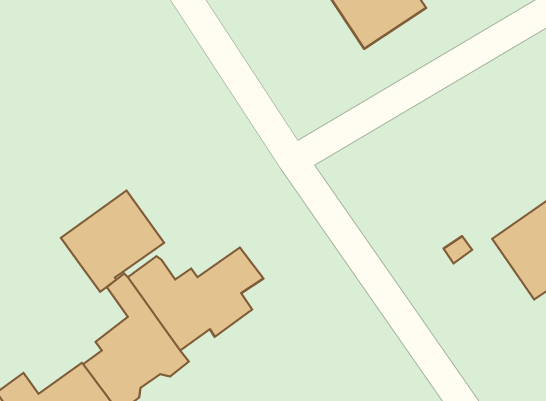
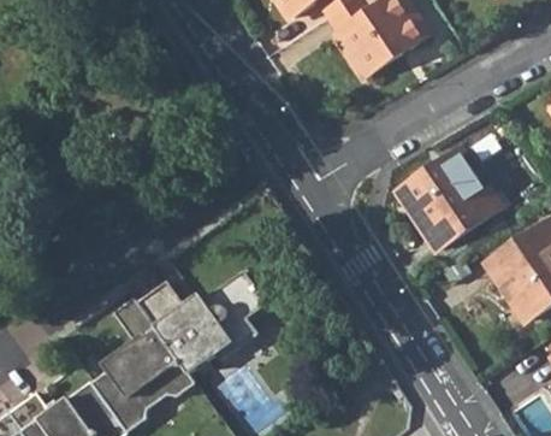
building: none -> [397,148,497,248]
building: [61,191,164,292] -> none

